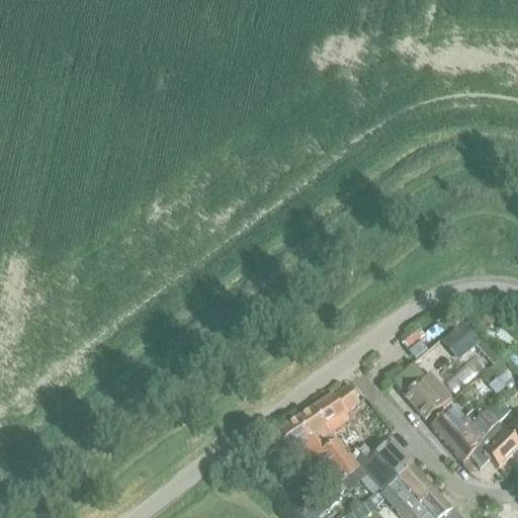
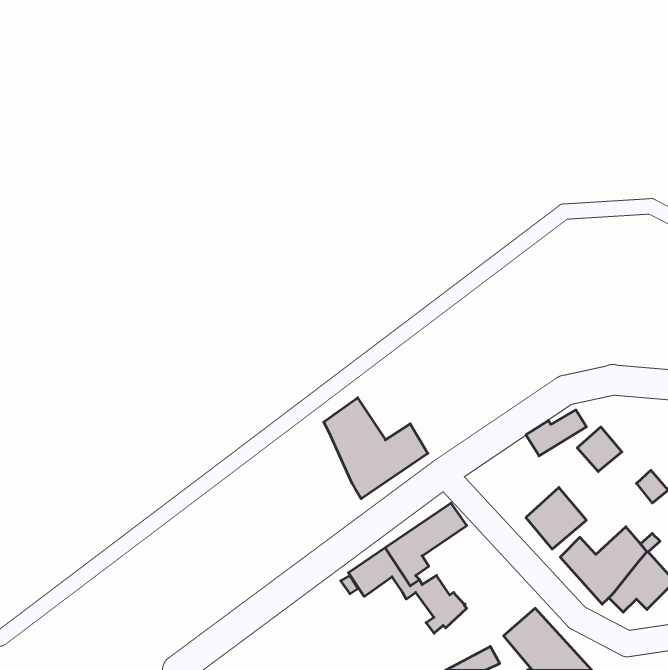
building: none -> [324,398,428,499]
building: [346,439,415,492] -> none

